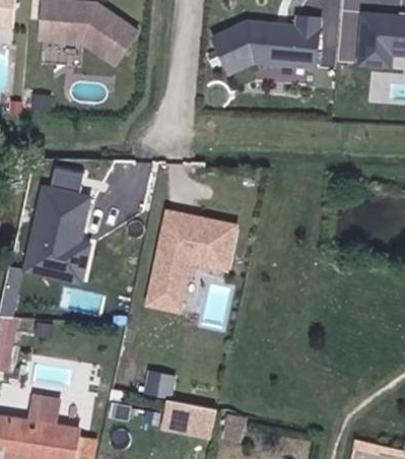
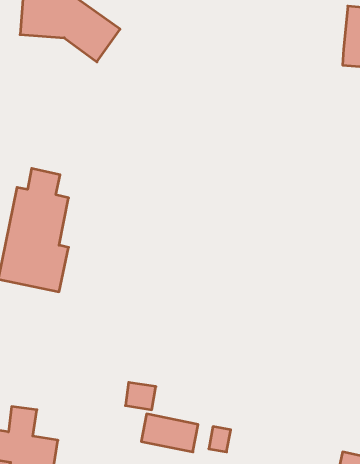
building: [212,15,320,73] -> none
building: [152,211,239,311] -> none

